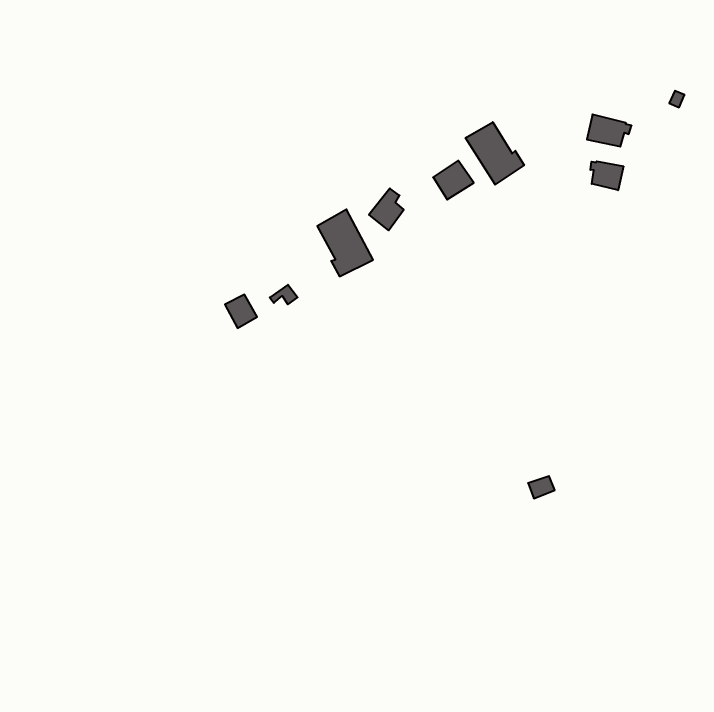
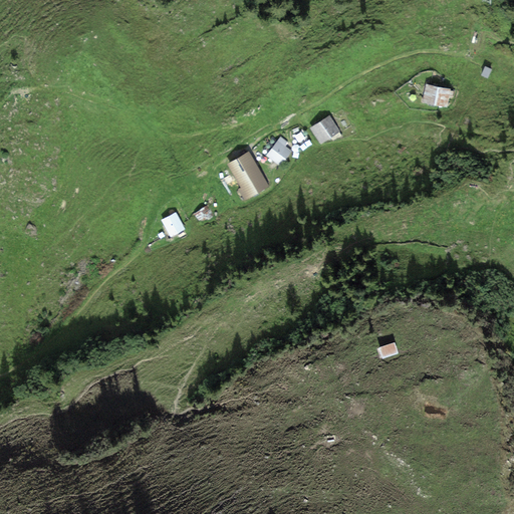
building: [466,122,524,185] -> none
building: [590,161,623,190] -> none

